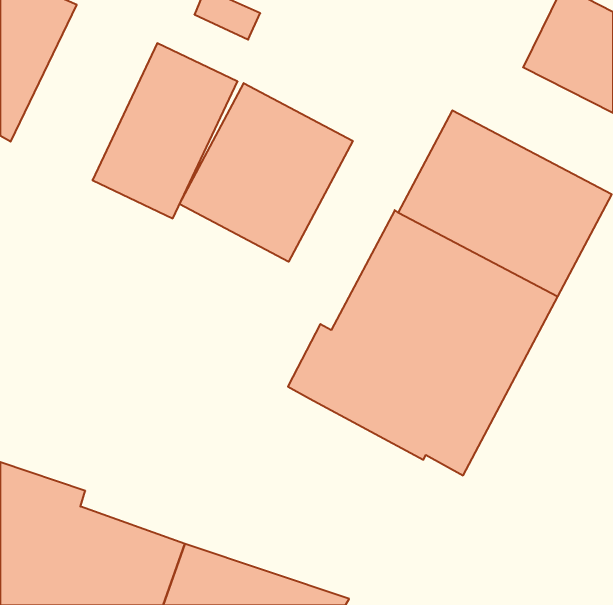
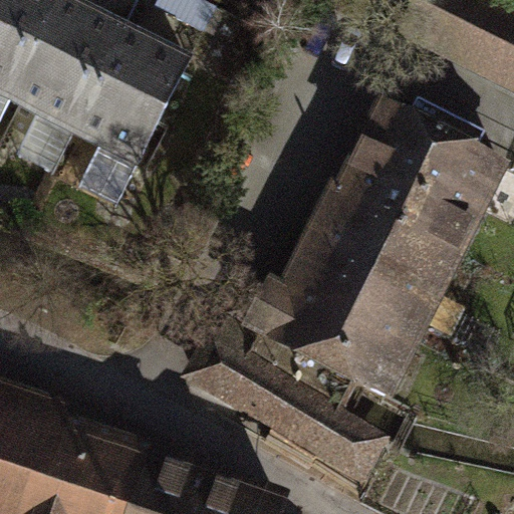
building: none -> [9,4,132,151]
building: [180,83,353,262] -> none
building: none -> [179,327,392,481]

